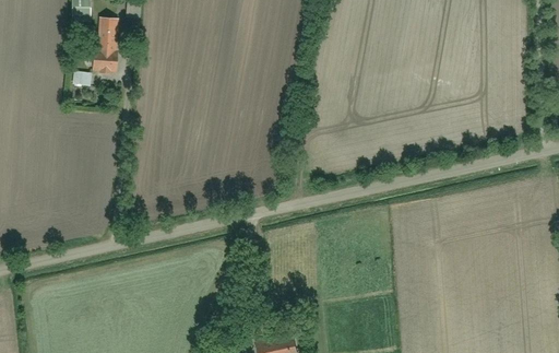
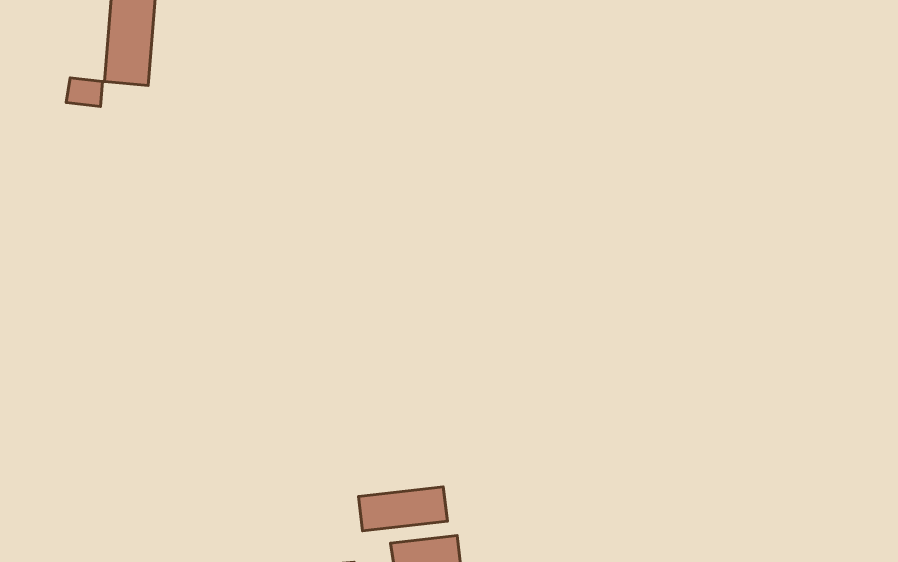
building: none -> [358,487,447,531]

